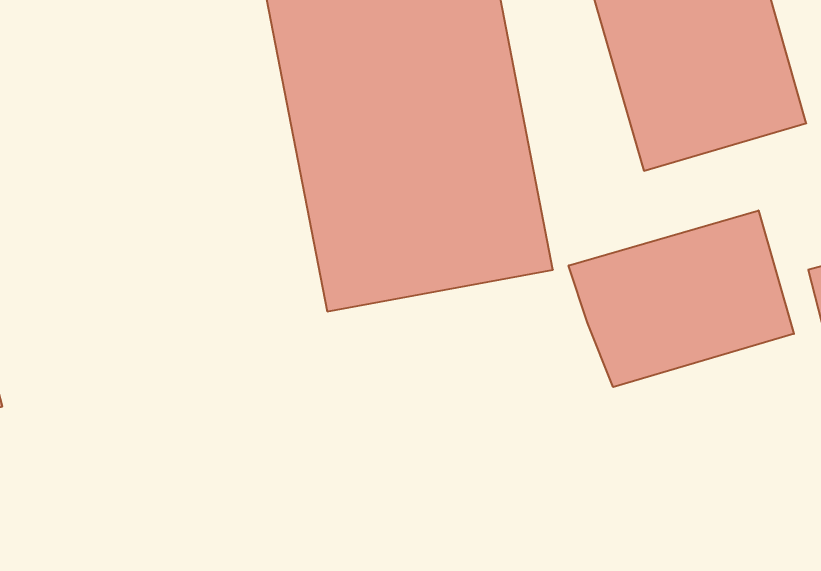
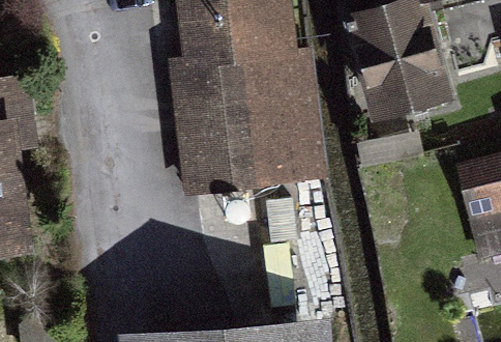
building: [569,210,794,387] -> none

